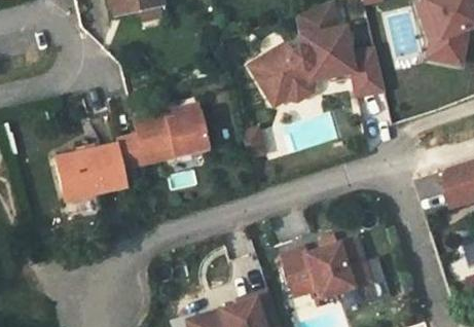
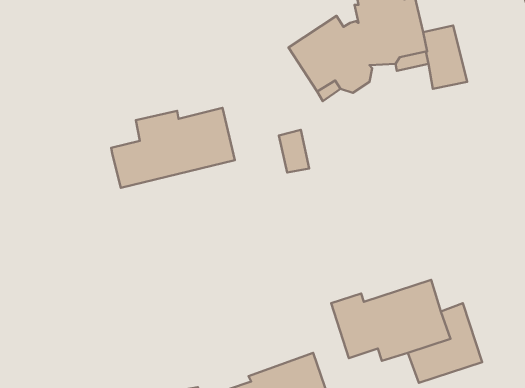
building: [58,145,127,199] -> none

